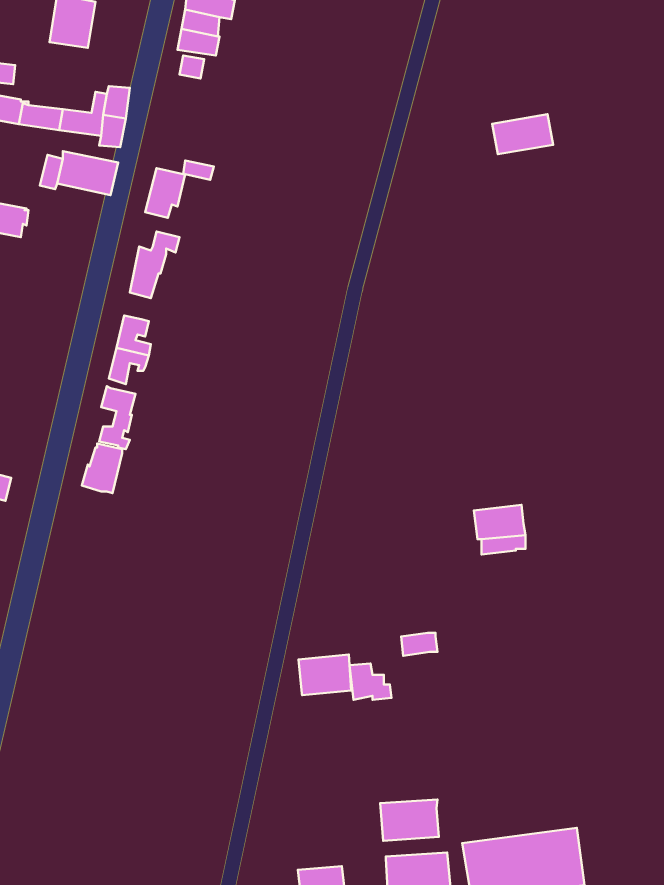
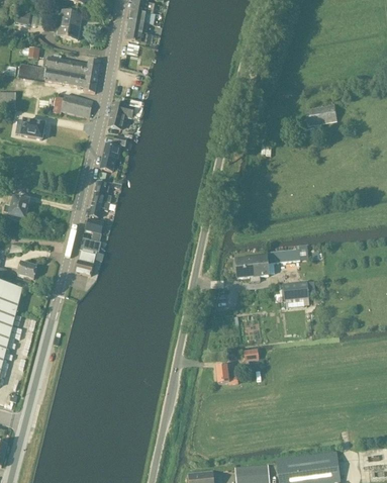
building: none -> [41,54,81,73]
building: [492,114,553,154] -> [304,103,336,124]
building: none -> [234,249,299,277]
building: [298,655,351,695] -> none
building: [380,800,439,841] -> none

